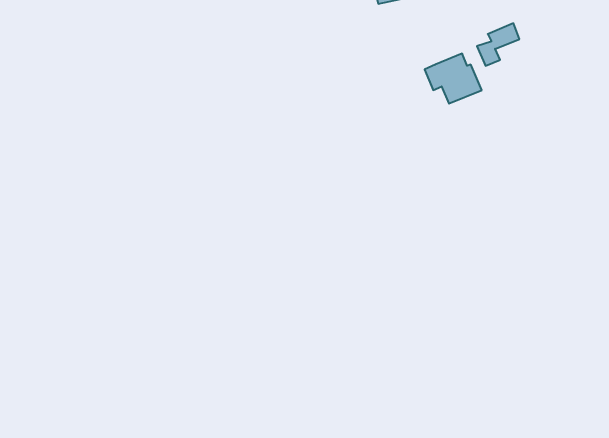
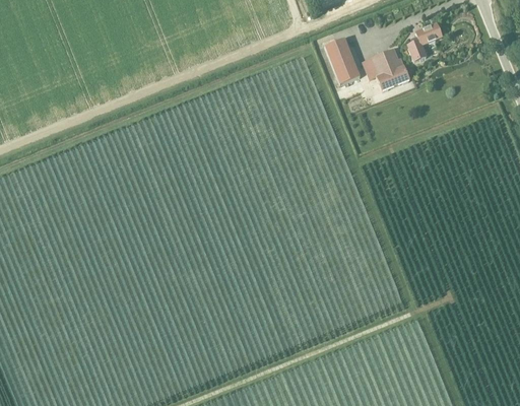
building: none -> [325,38,360,84]

